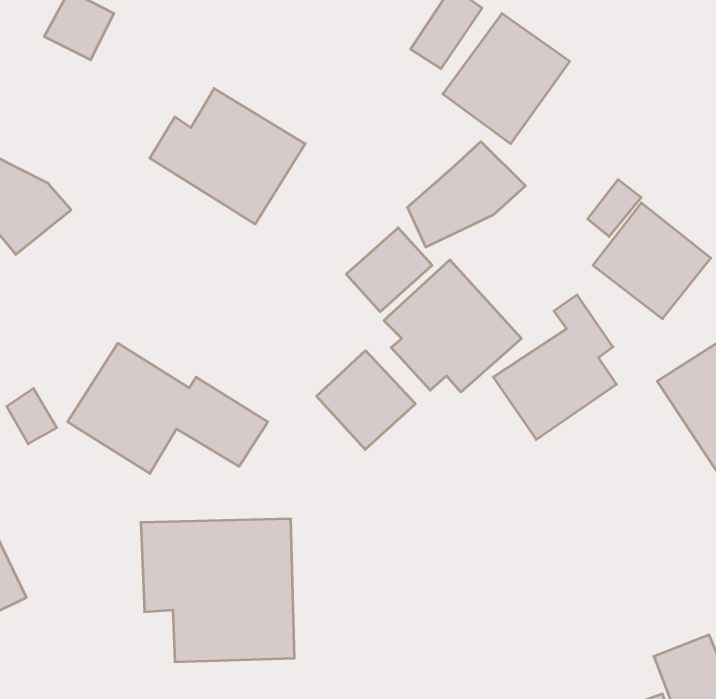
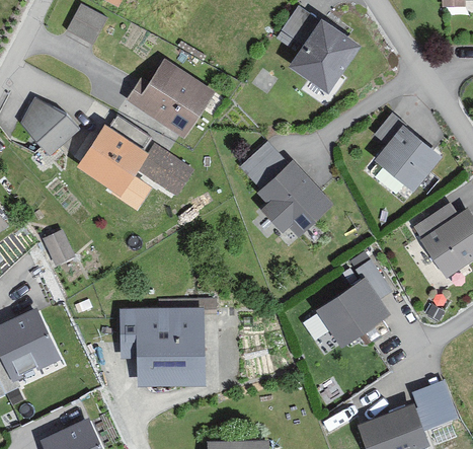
building: [407,142,525,247] -> none
building: [493,295,617,440] -> [320,258,390,341]
building: [68,343,268,474] -> [78,125,191,199]
building: [317,351,415,450] -> none

